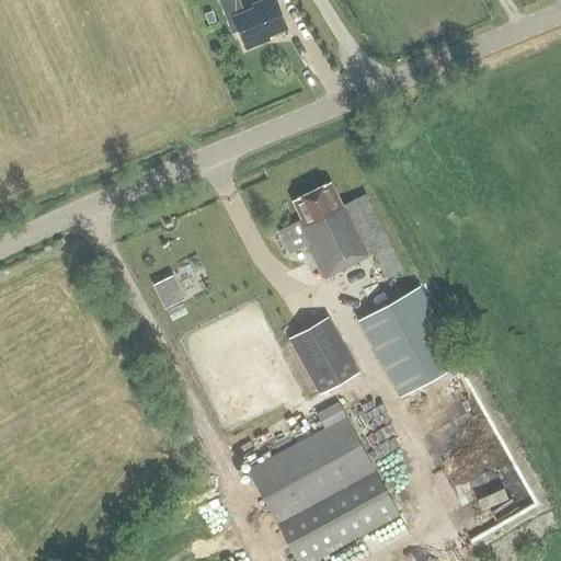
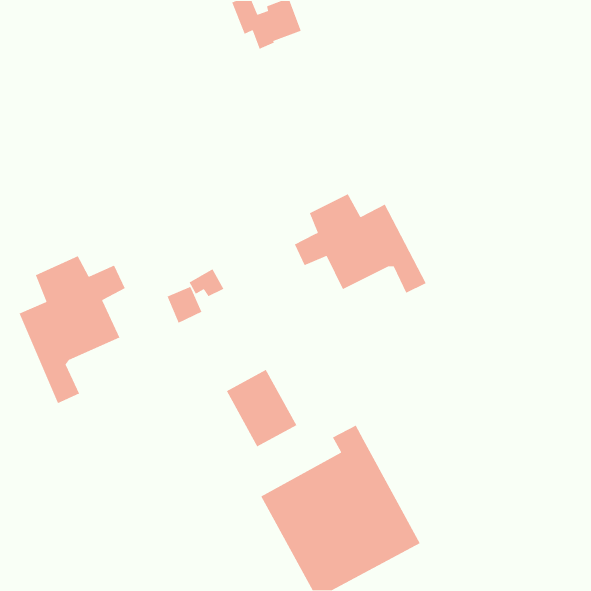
building: none -> [18,255,126,404]
building: [357,285,462,397] -> none
building: [289,318,357,392] -> [226,369,297,447]

